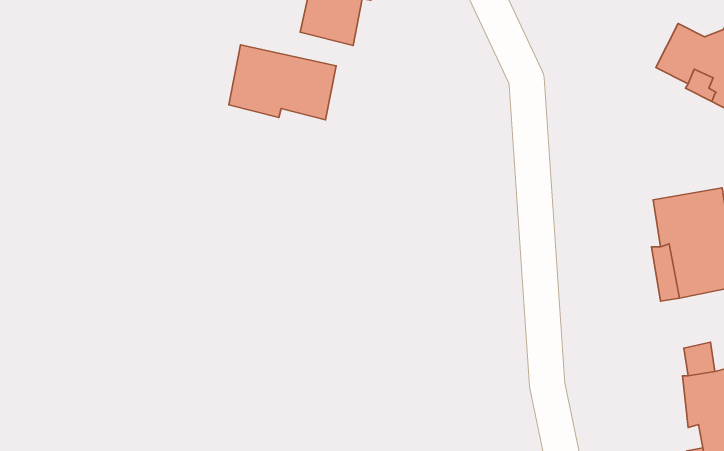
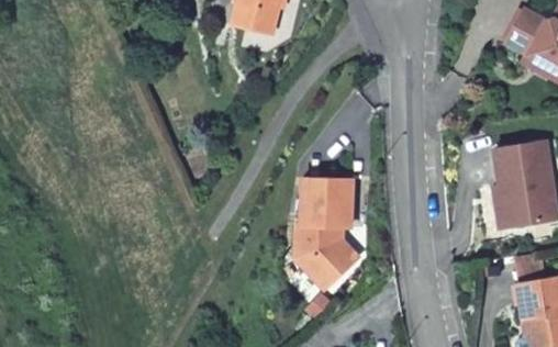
building: [229,45,336,120] -> none
building: none -> [299,176,357,286]

